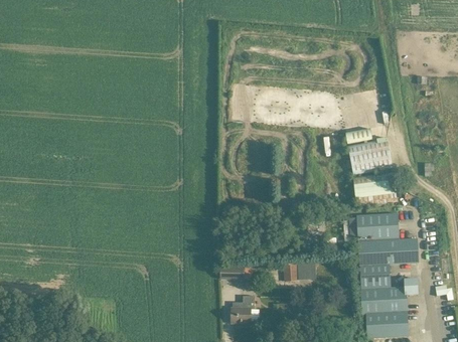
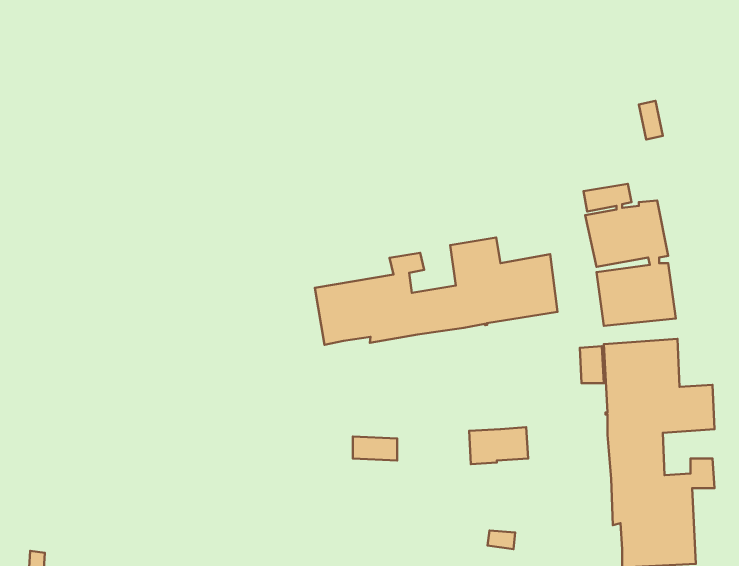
building: none -> [315,237,558,345]
building: [232,295,254,323] -> none

